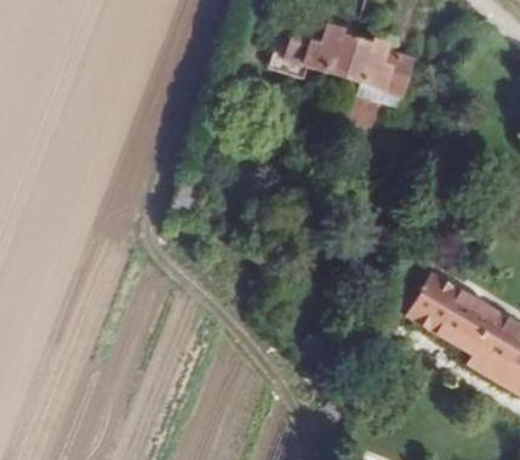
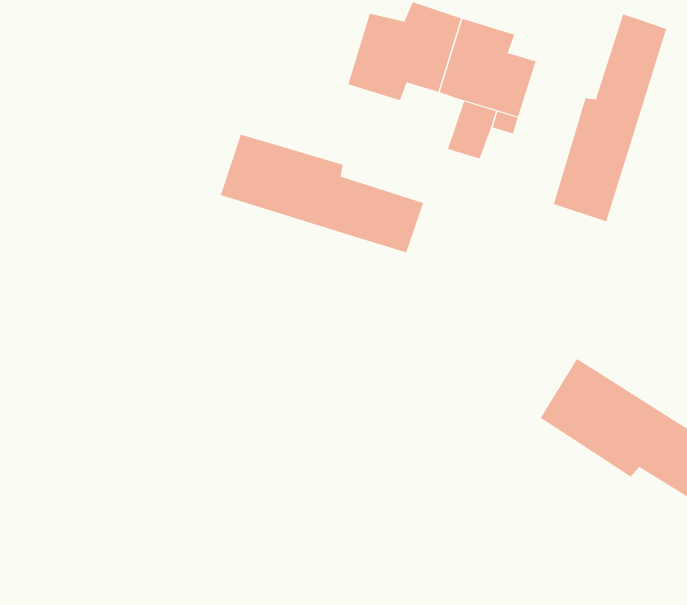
building: none -> [553,13,667,222]
building: none -> [220,134,424,253]

